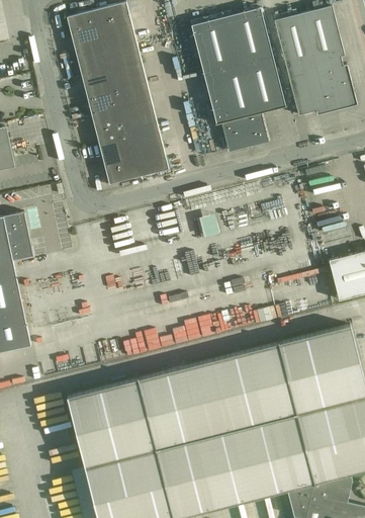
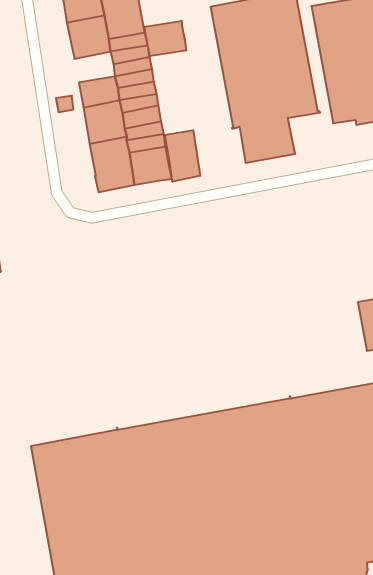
building: none -> [144,21,186,56]
building: [81,68,115,95] -> none
building: none -> [165,130,200,182]

